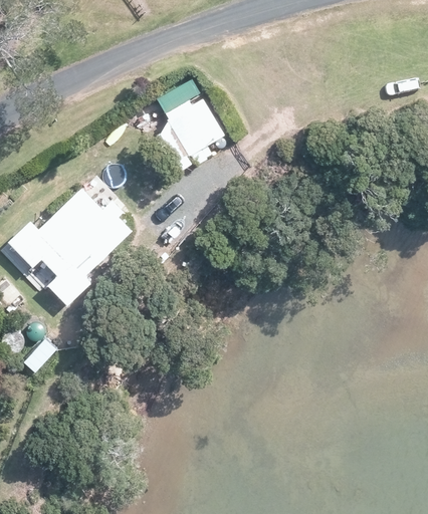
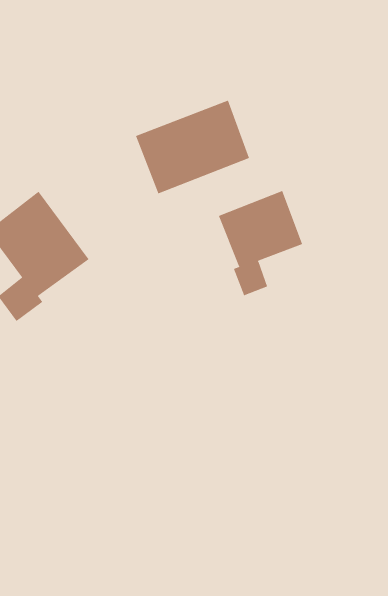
building: none -> [218,190,303,296]

